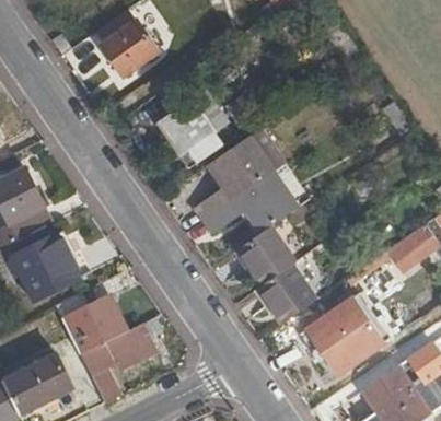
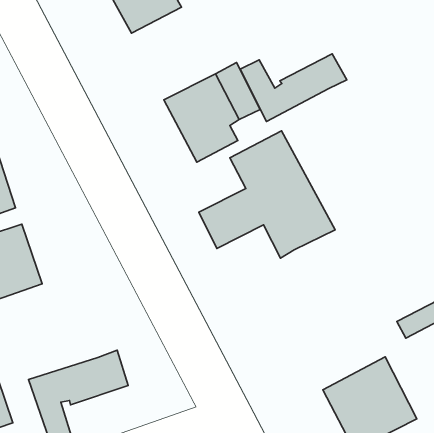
building: none -> [240,54,347,122]
building: [236,226,335,324] -> none
building: [55,291,130,353] -> none

